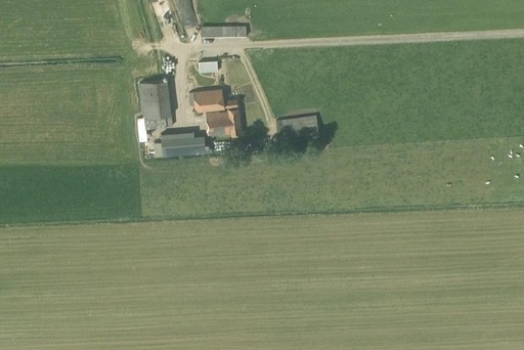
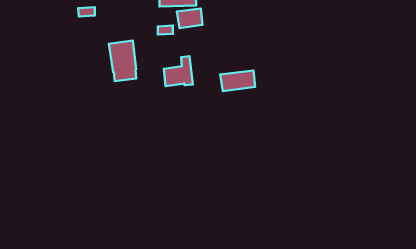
building: [192,88,224,113] -> [177,8,203,28]
building: [161,131,206,156] -> none

